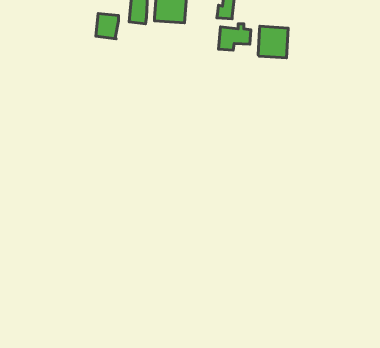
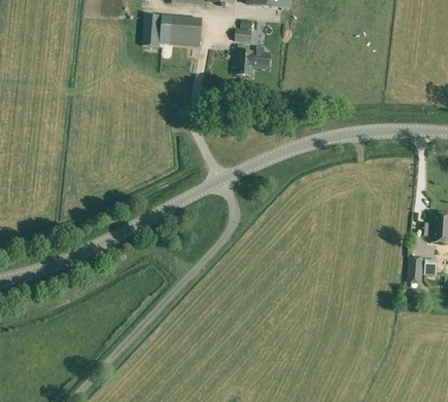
building: [96,14,119,39] -> none
building: [258,26,288,58] -> none

